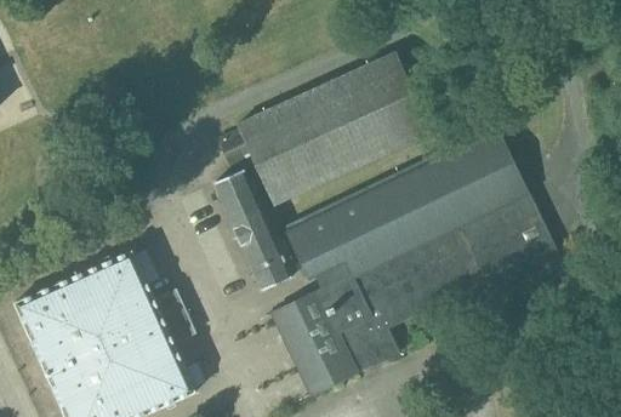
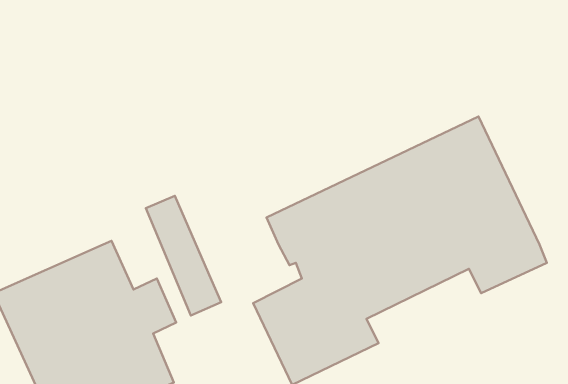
building: [221,52,433,204] -> none
building: [215,170,290,289] -> [146,196,221,315]

